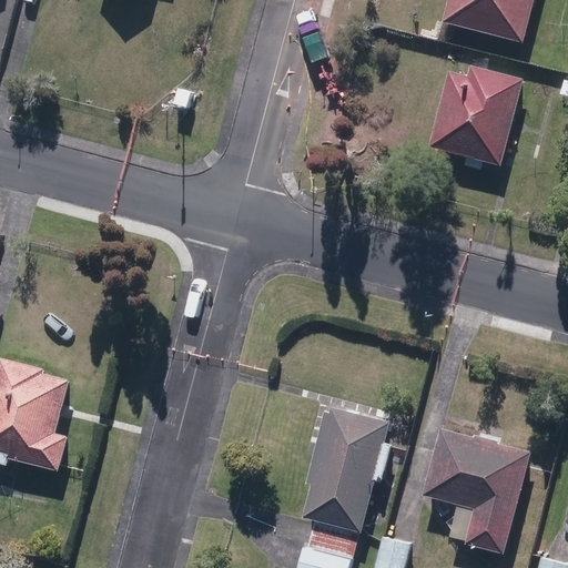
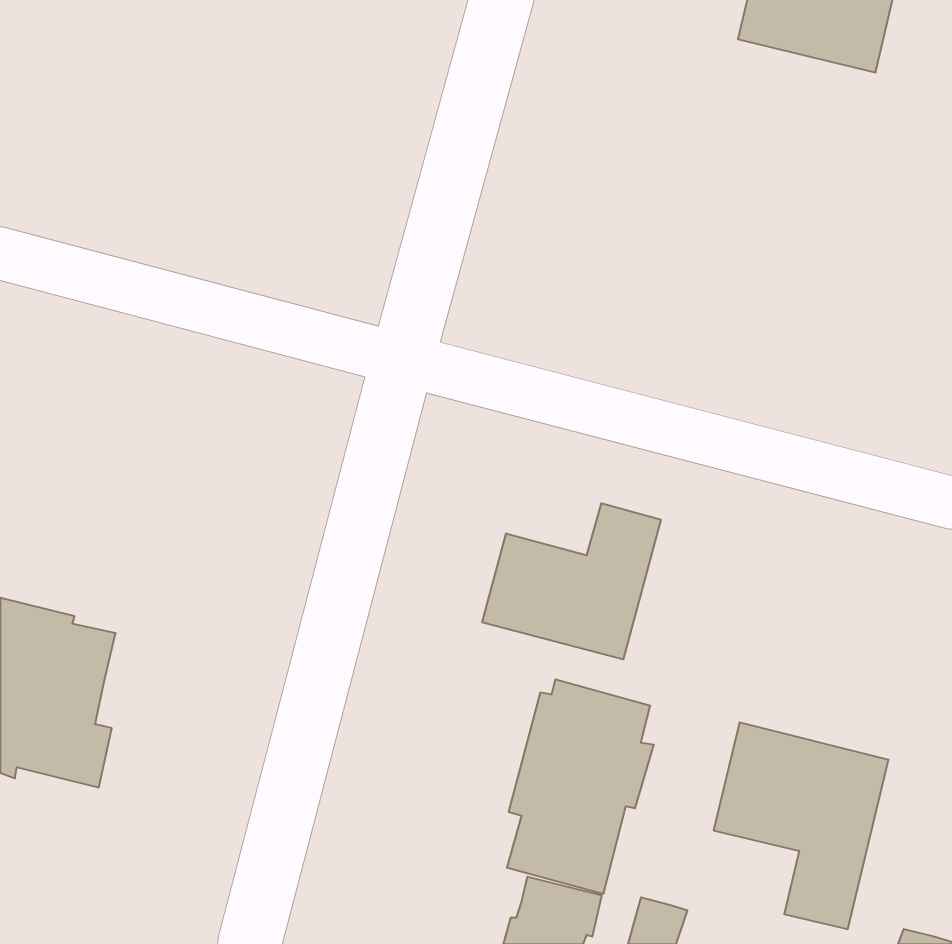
building: [428,67,521,166] -> none
building: none -> [482,503,661,659]

